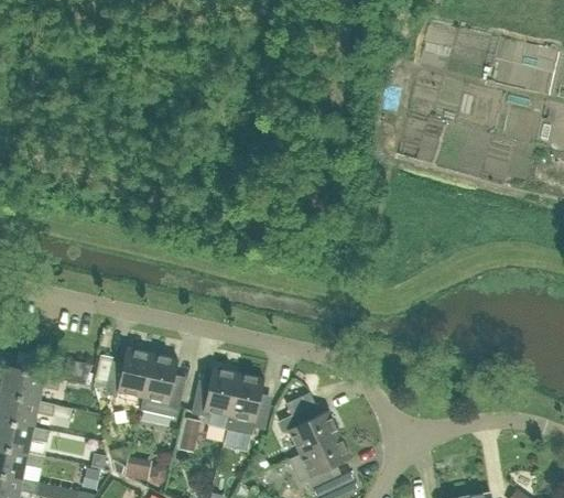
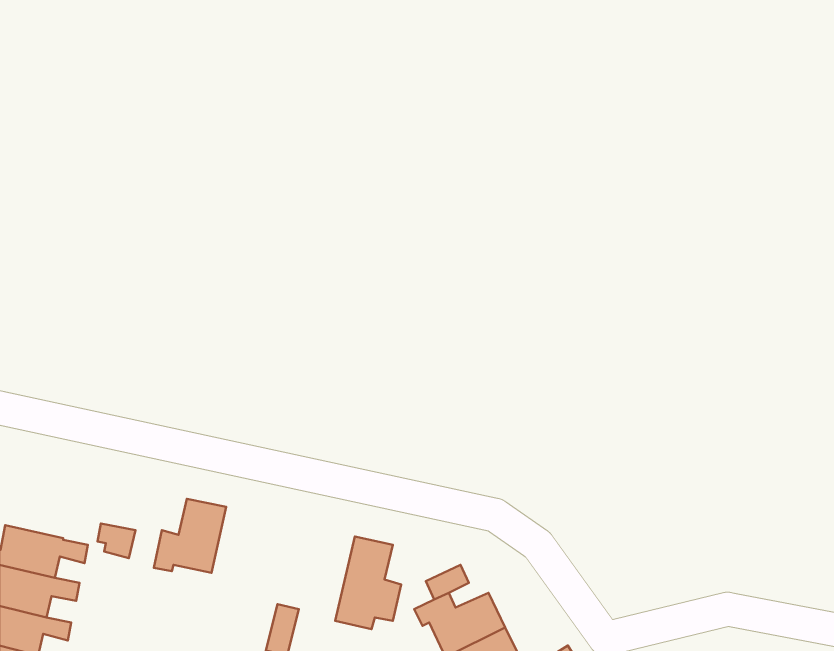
building: [140,354,183,419] -> none
building: [191,367,238,430] -> none

